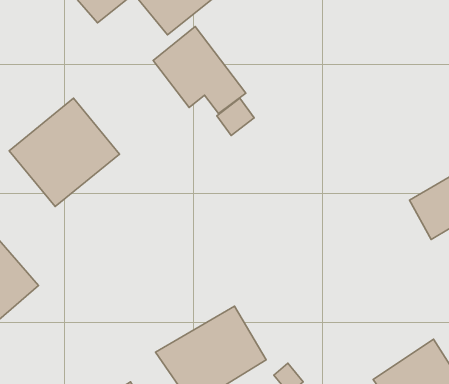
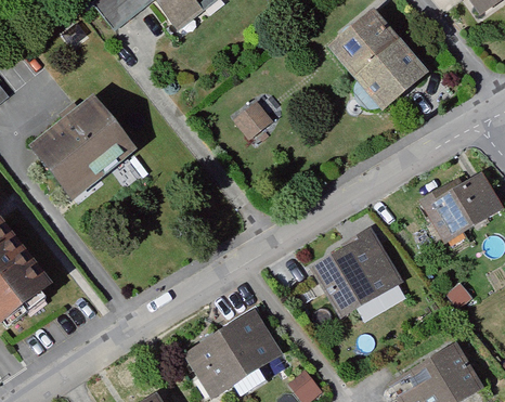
building: none -> [336,14,438,117]
building: [153,26,246,113] -> none
building: none -> [315,232,404,315]

